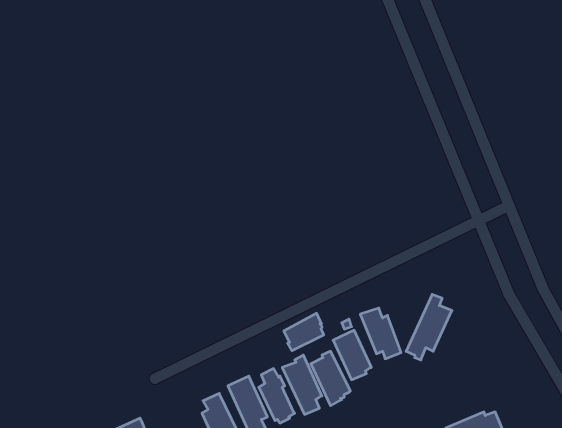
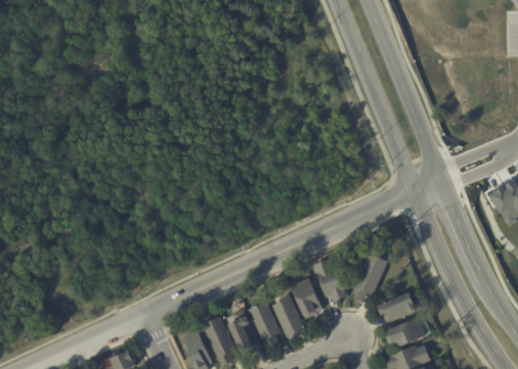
building: [284,313,324,351] -> none
building: none -> [379,291,425,323]
building: none -> [384,318,425,349]

